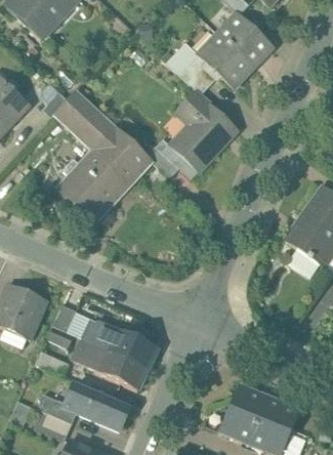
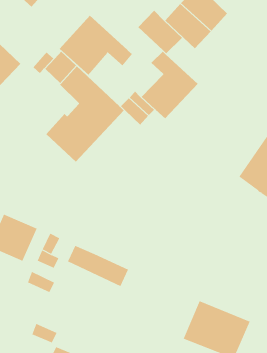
building: none -> [59,15,133,75]
building: [71,337,147,388] -> none
building: [64,384,128,430] -> none

